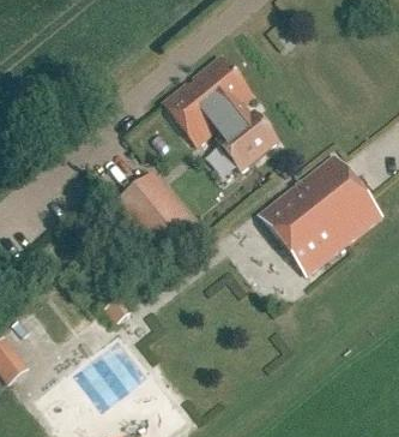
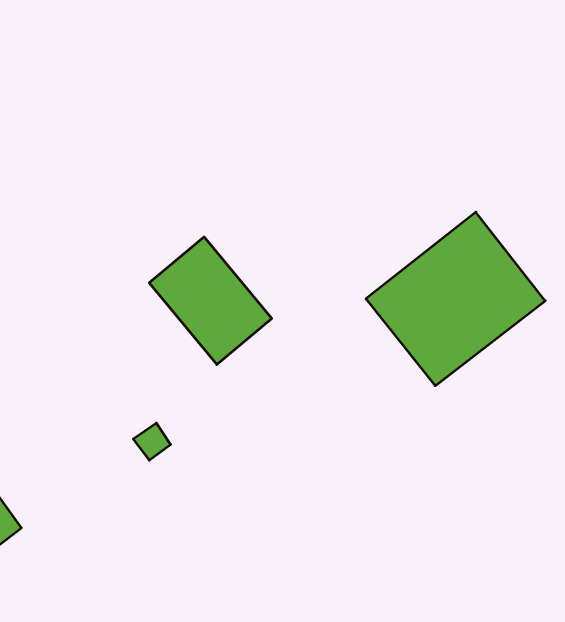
building: [164,59,278,170] -> none

